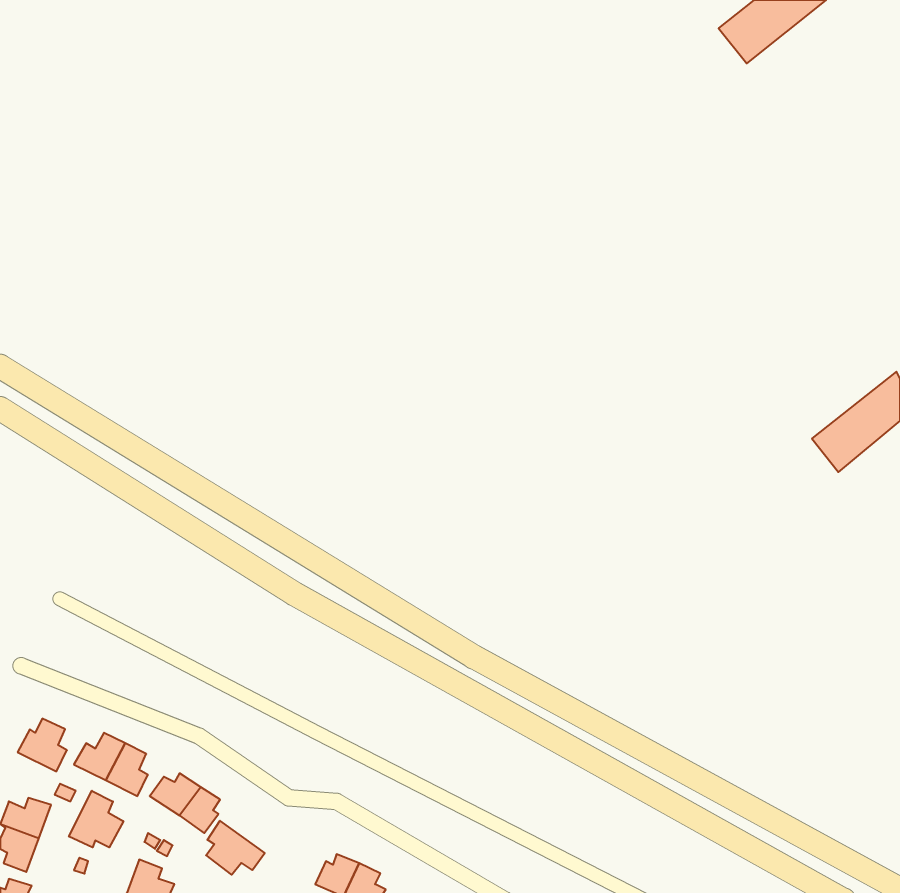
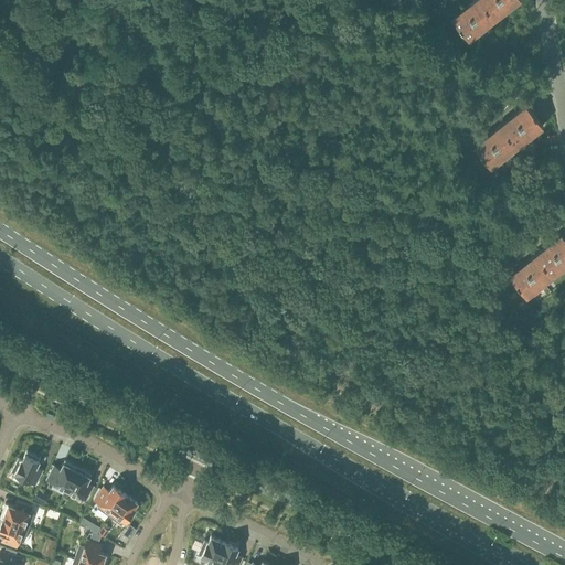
building: none -> [473,108,543,171]
building: [69,791,123,847] -> none
building: [206,821,265,875] -> none

